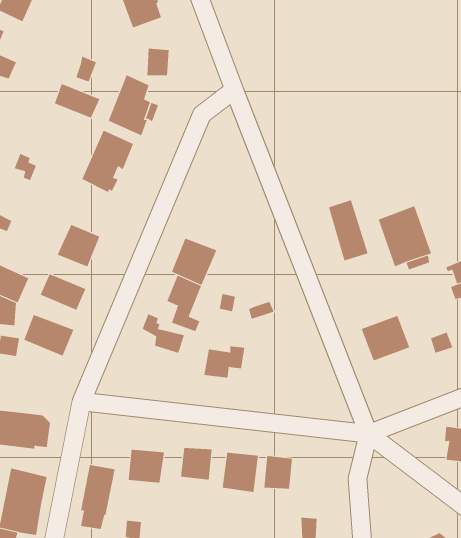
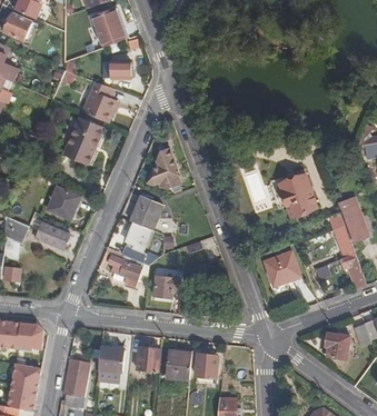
building: [54,83,100,118] -> none
building: none -> [146,148,180,189]
building: [24,314,74,357] -> none

